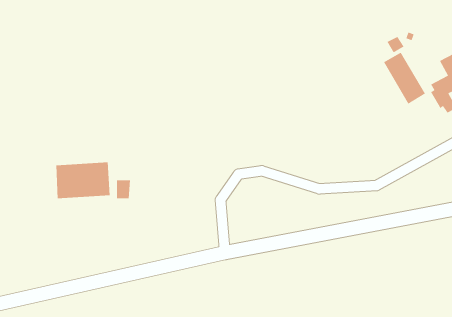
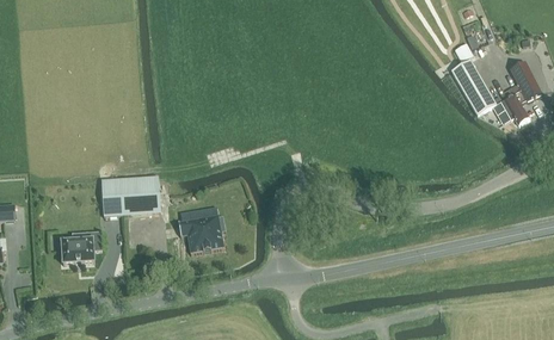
building: none -> [178,212,224,252]
building: none -> [61,229,101,261]

